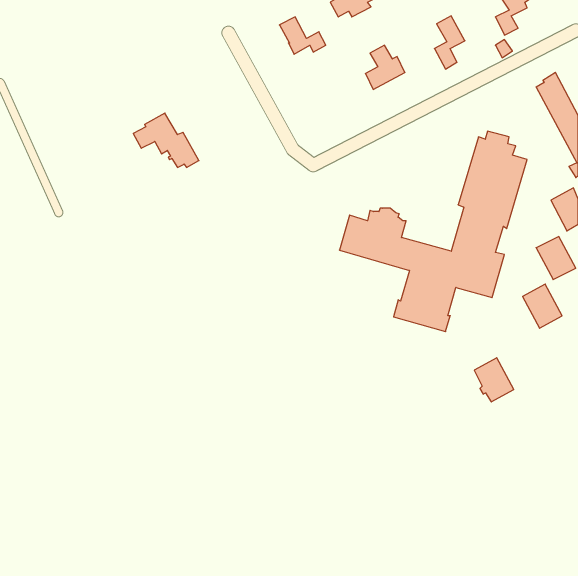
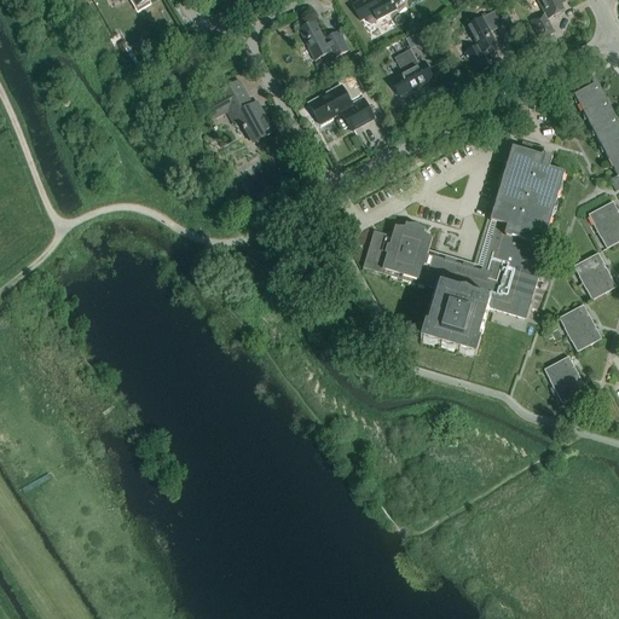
building: none -> [310,85,375,131]
building: [133,113,199,167] -> [204,80,274,138]
building: [474,358,514,402] -> [544,355,586,403]

